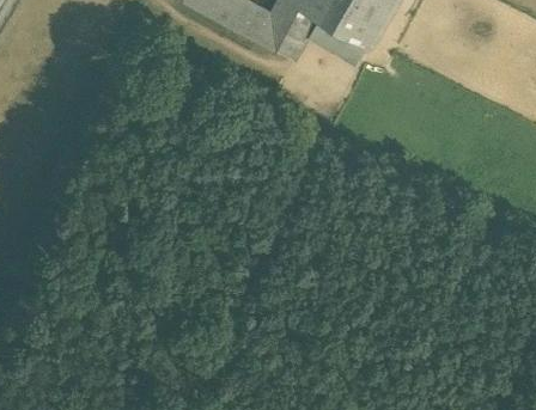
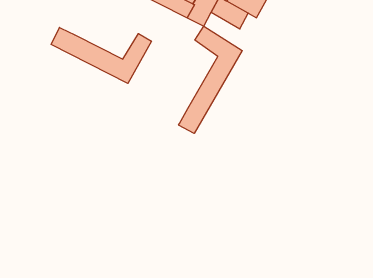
building: none -> [179,26,242,133]
building: none -> [51,27,151,83]

